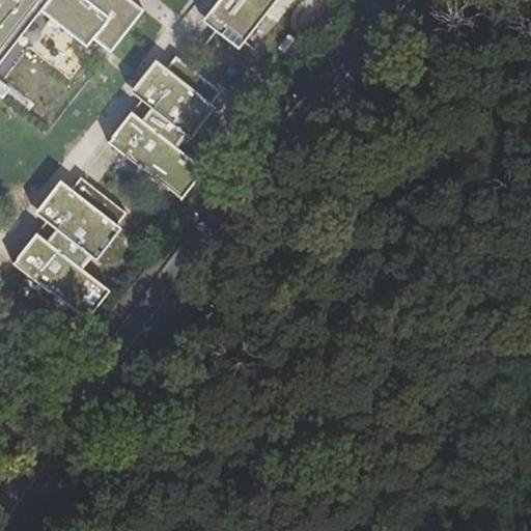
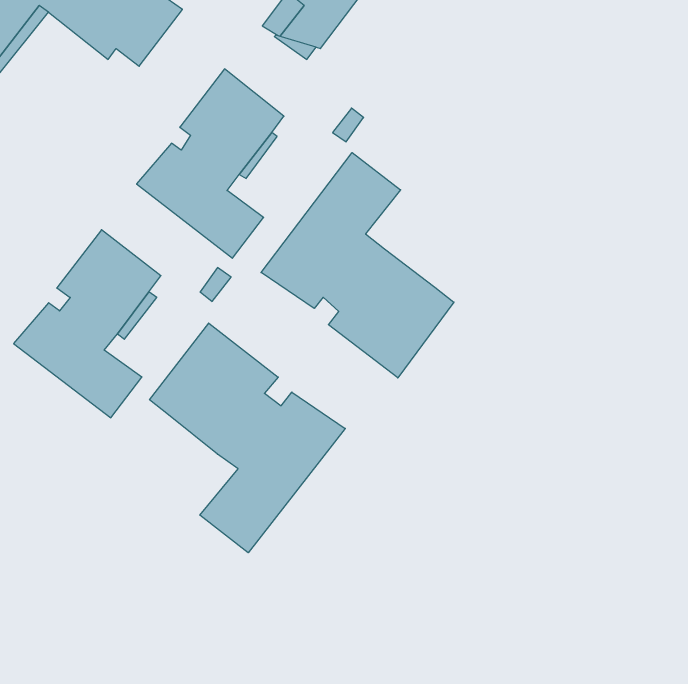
building: none -> [261,153,454,378]
building: none -> [150,323,345,553]

